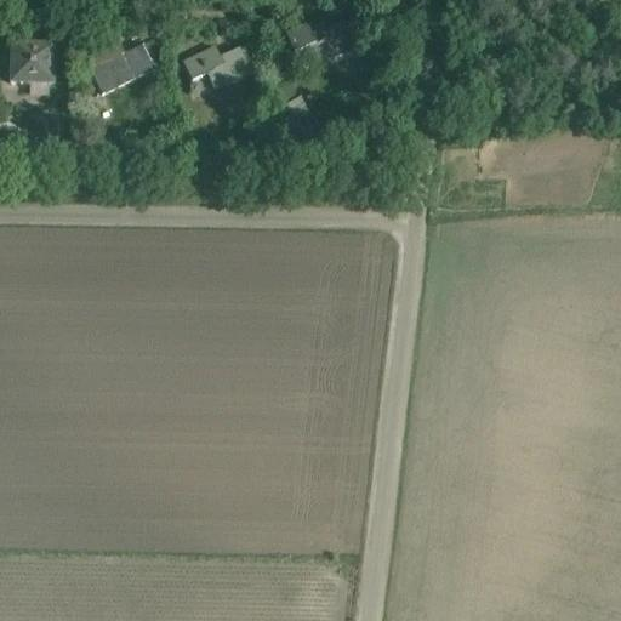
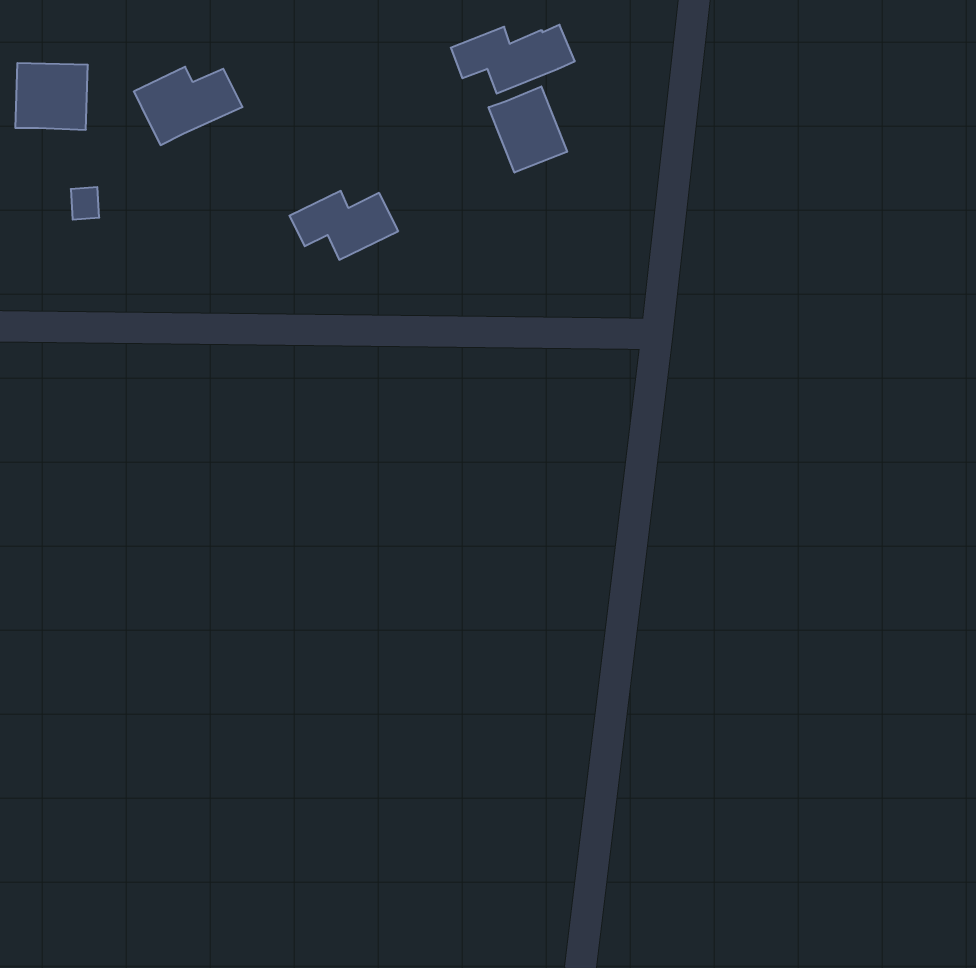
building: [182,45,251,89] -> [289,191,398,260]
building: none -> [489,86,567,173]

